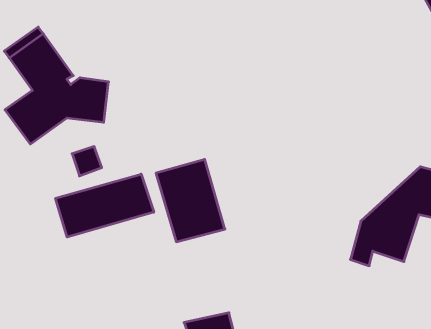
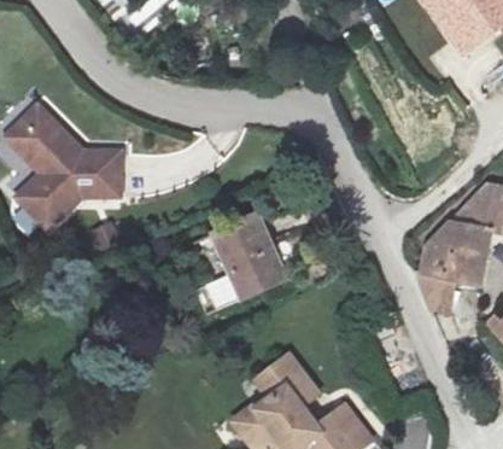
building: [56,174,154,237] -> none

